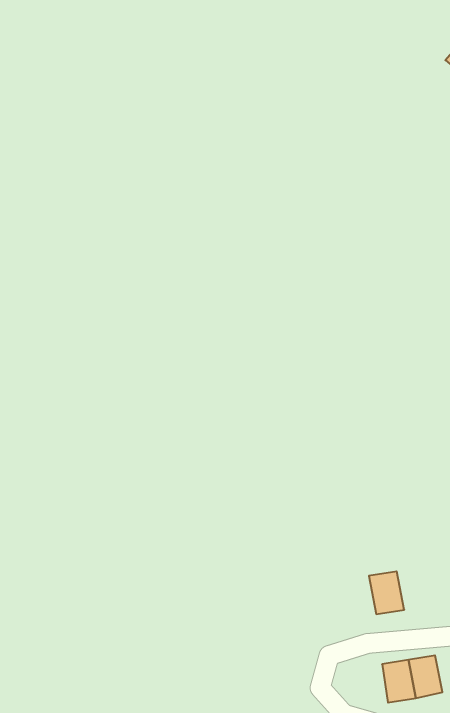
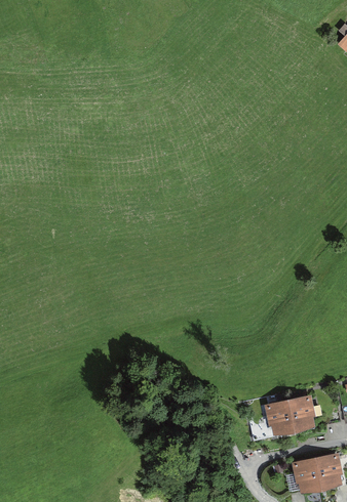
building: none -> [267,402,292,432]

